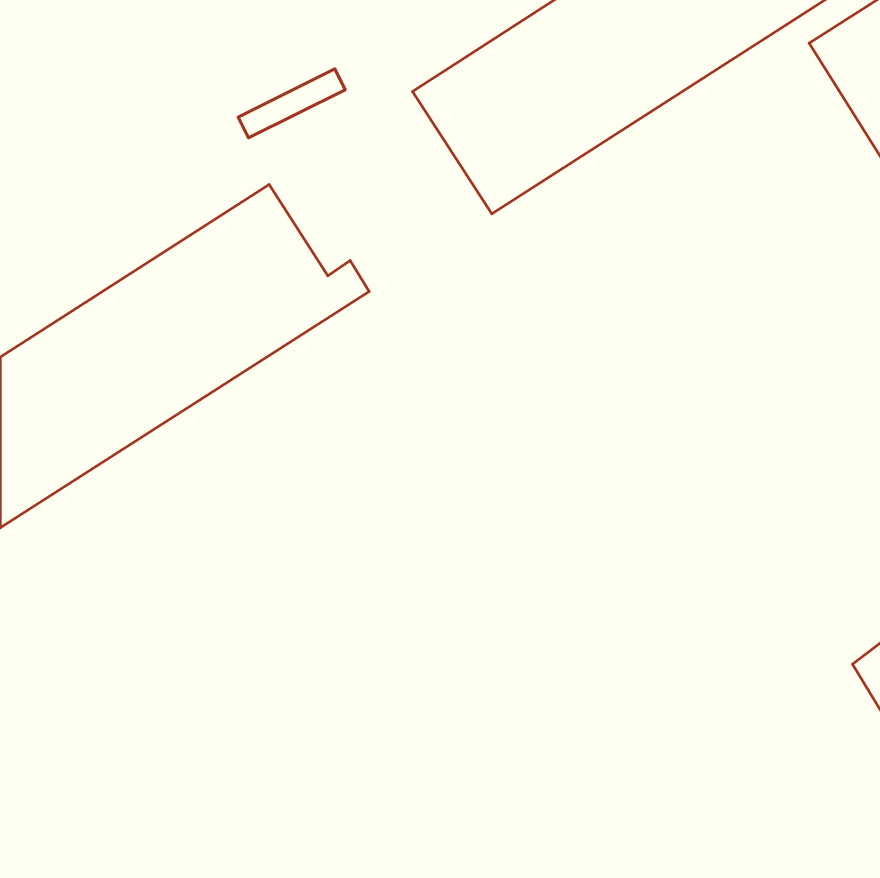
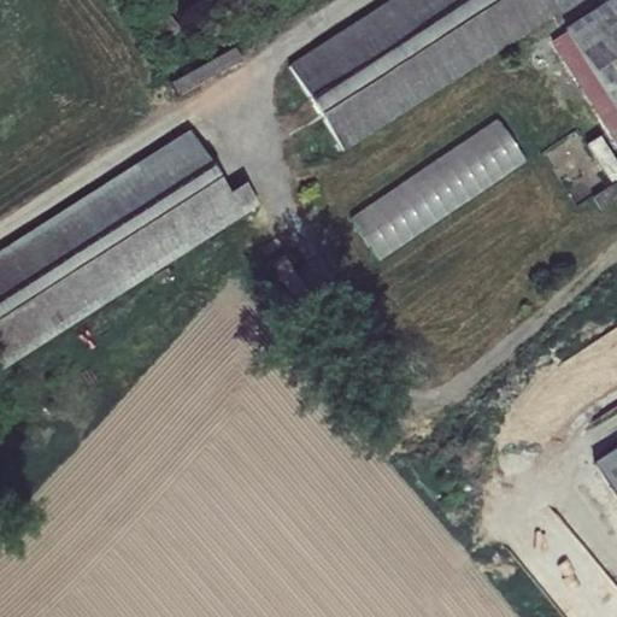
building: none -> [347,118,525,255]

